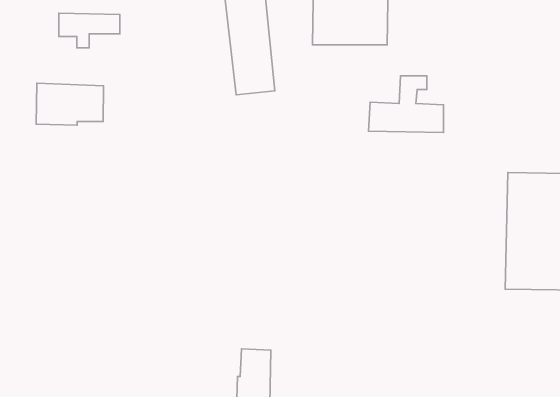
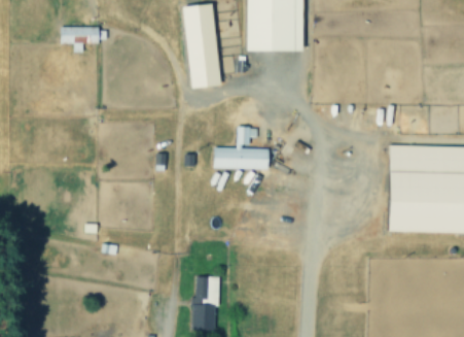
building: [369,76,443,133] -> [213,127,269,169]
building: [36,83,103,125] -> none

